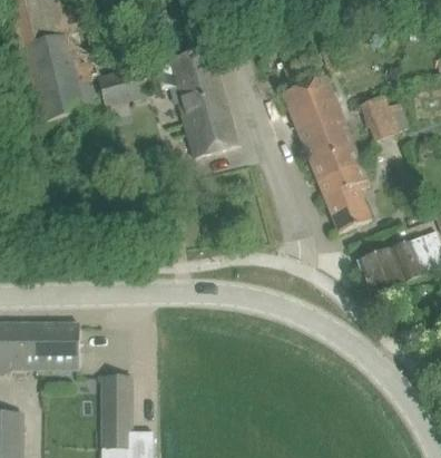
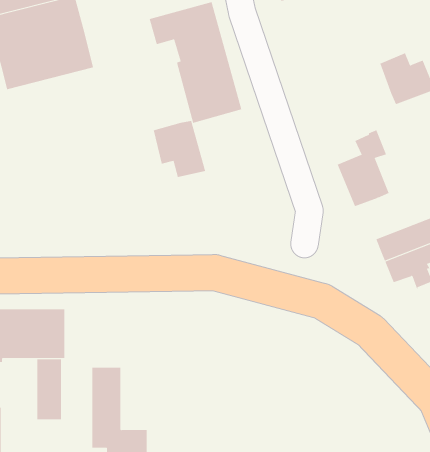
building: [97,64,151,106] -> none
building: [282,75,357,193] -> none
building: none -> [153,120,206,178]
building: none -> [37,359,62,420]

